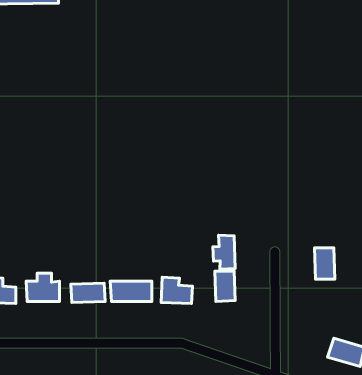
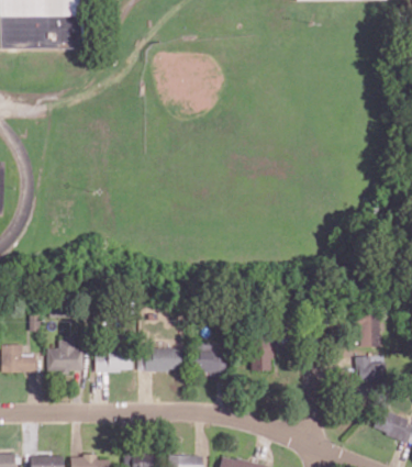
building: [213,235,235,269] -> none
building: none -> [356,355,385,383]

